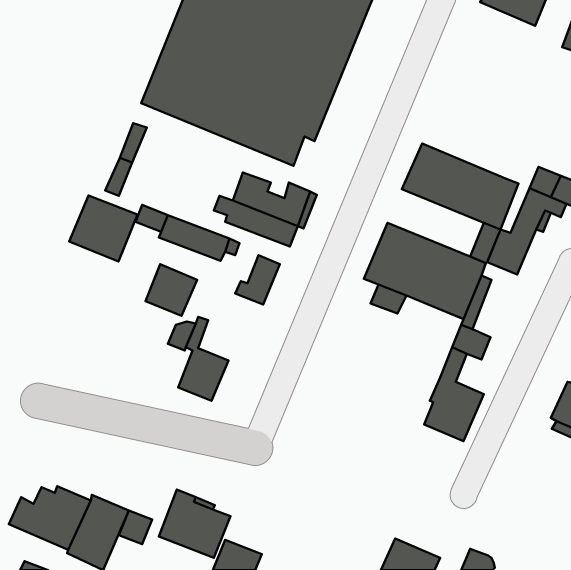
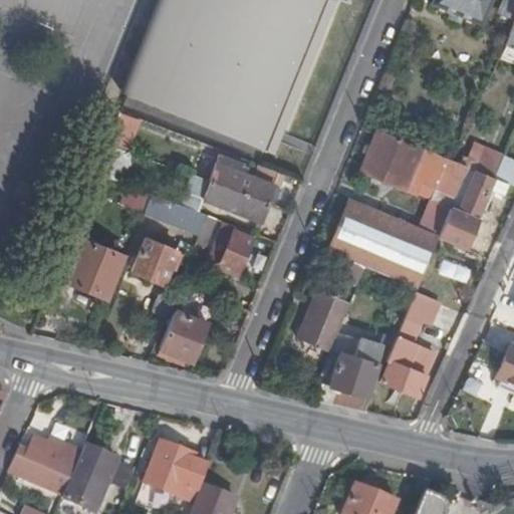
building: [69,195,138,262] -> [64,238,125,297]
building: none -> [297,288,349,349]
building: none -> [314,334,396,410]

